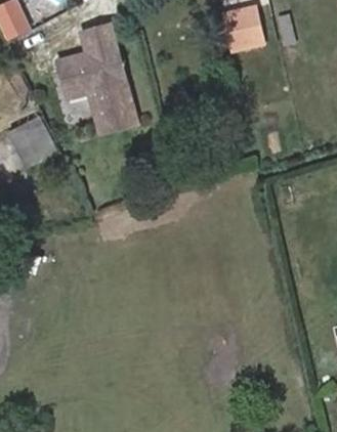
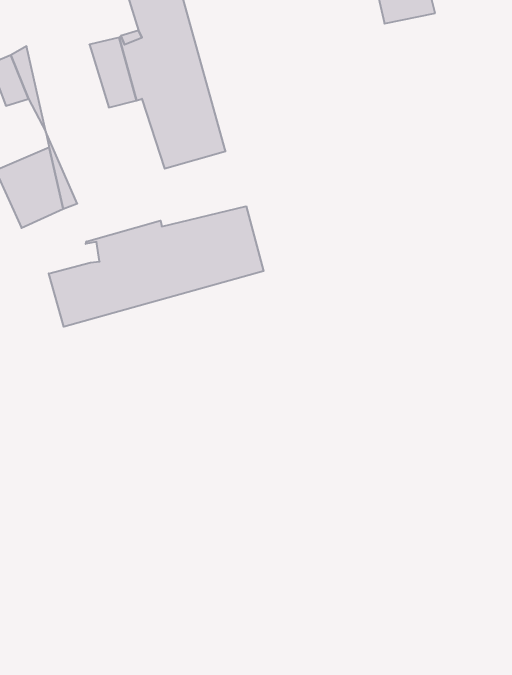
building: none -> [49,206,264,327]

